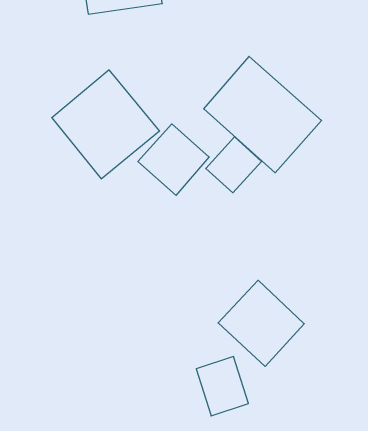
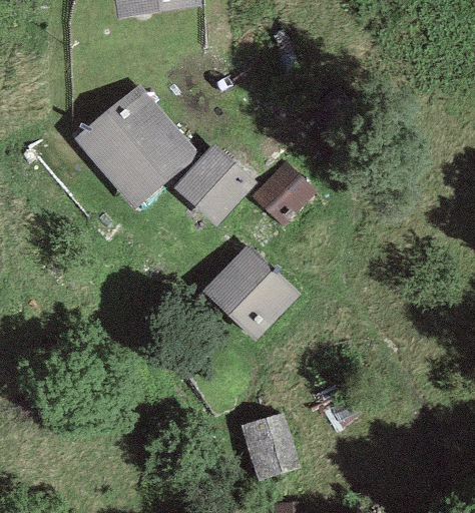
building: [204,56,322,173] -> none
building: [218,280,304,366] -> [199,243,299,343]

